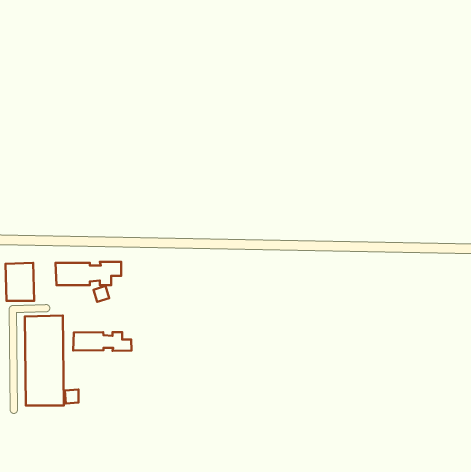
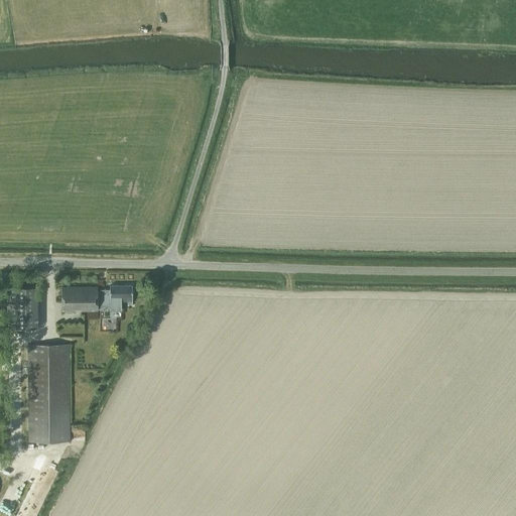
building: [73,332,131,351] -> none

